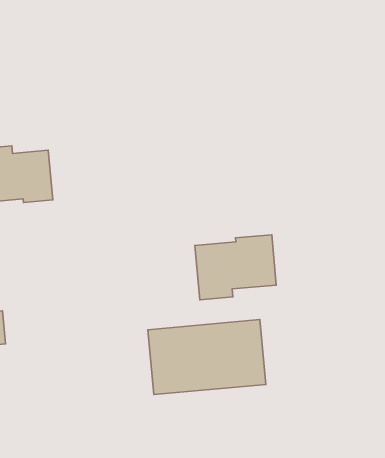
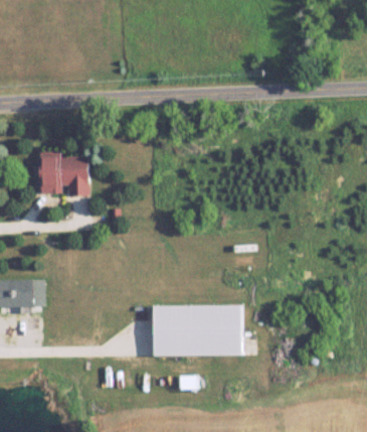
building: [195,235,276,300] -> none

